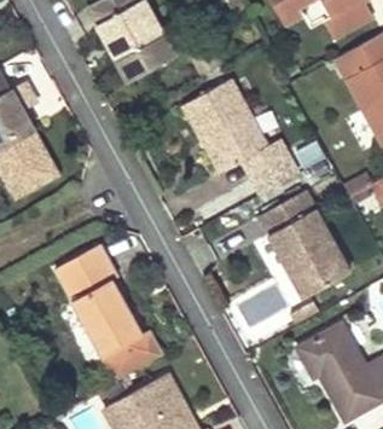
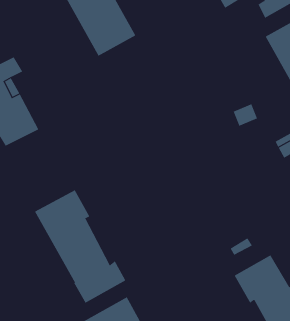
building: [185,82,291,180] -> none
building: [257,191,349,298] -> none

